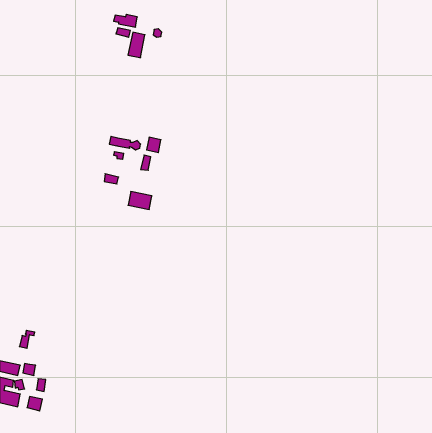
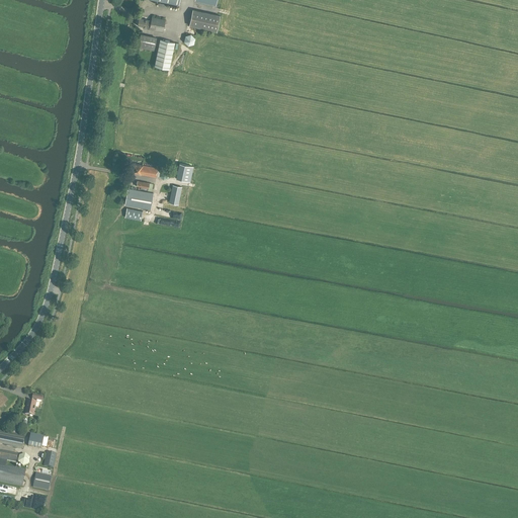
building: none -> [187,9,220,31]
building: [128,192,152,209] -> [123,188,152,209]

